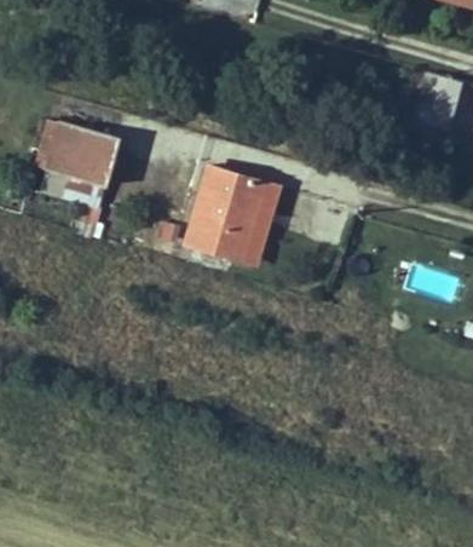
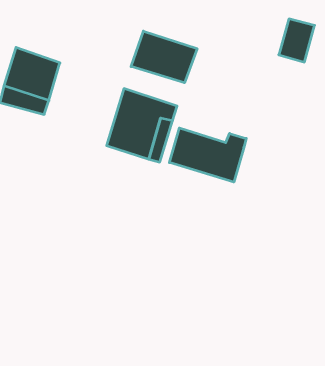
building: none -> [131,31,197,83]
building: none -> [169,128,246,182]

